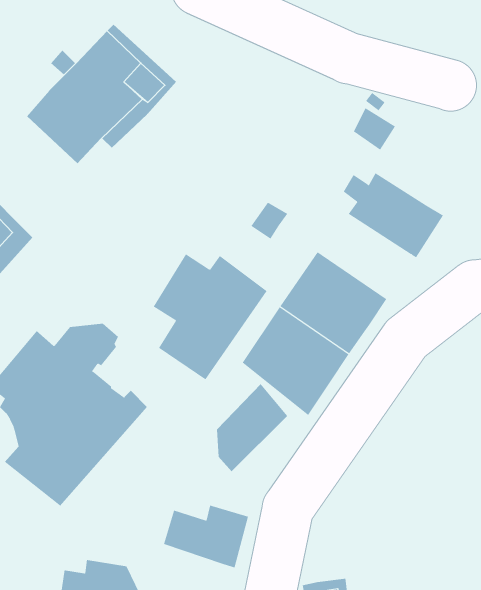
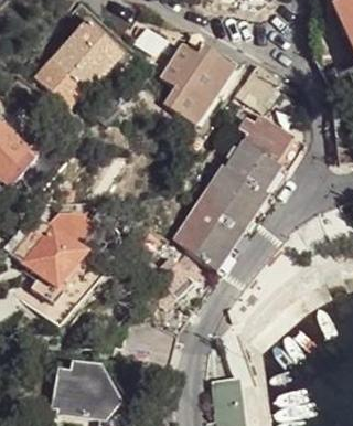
building: none -> [224,138,286,194]
building: [153,254,268,380] -> [159,42,233,124]

